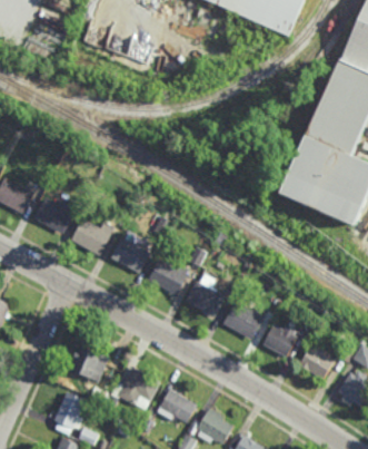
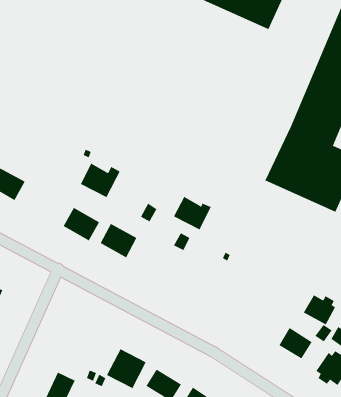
building: [33,197,76,234] -> [80,163,120,198]
building: [148,260,188,295] -> [173,196,211,230]
building: [186,274,223,316] -> none
building: [222,301,261,340] -> none
building: [261,325,296,358] -> [303,295,336,325]
building: [70,346,108,382] -> none

